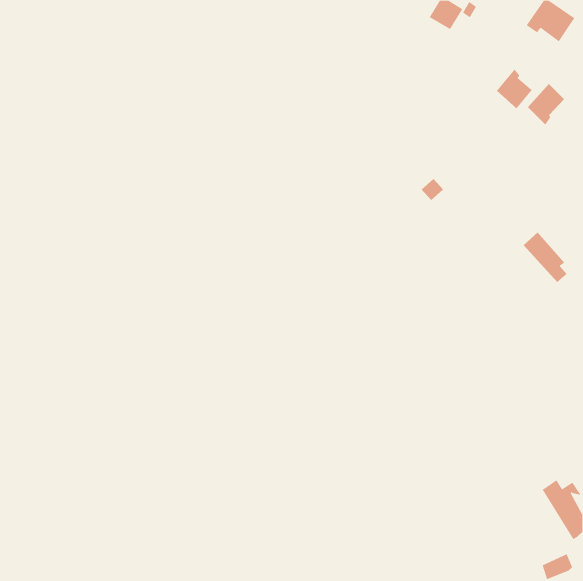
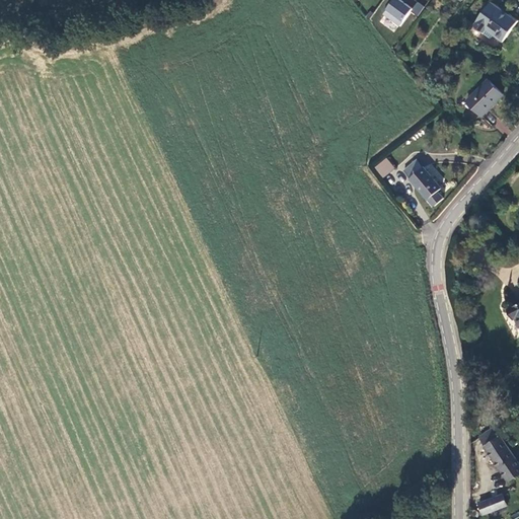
building: [496,69,532,109] -> none
building: [523,232,567,283] -> [403,161,443,207]

